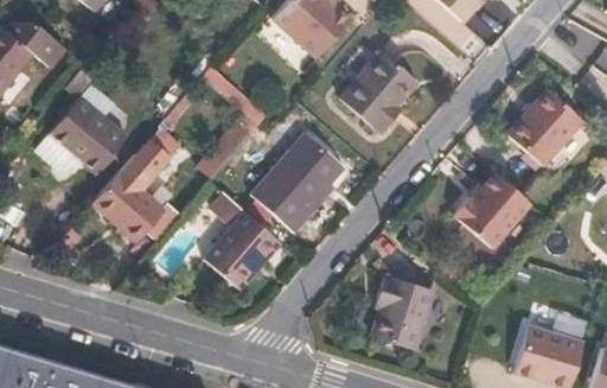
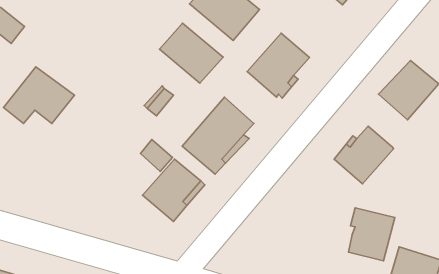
building: none -> [159,23,223,83]
building: [91,128,180,241] -> none
building: [369,284,427,350] -> [349,208,395,261]

